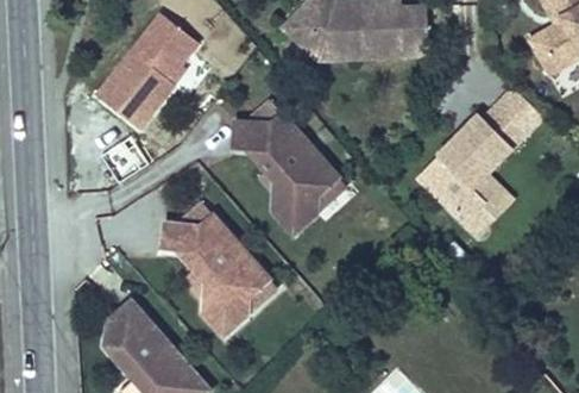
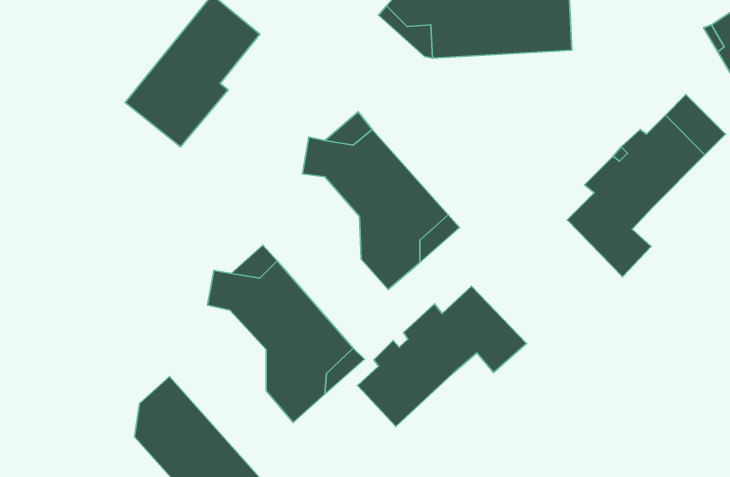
building: [468,173,516,235] -> none
building: none -> [358,286,526,427]

